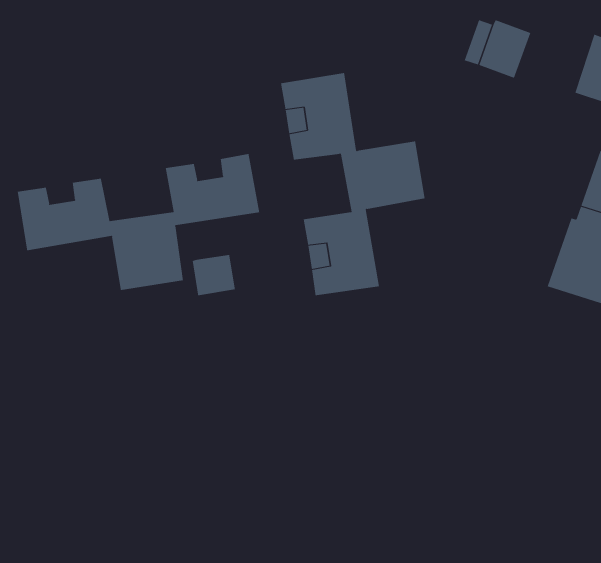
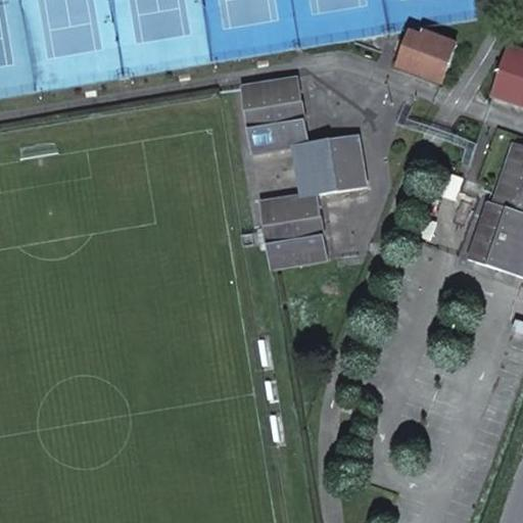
building: [17,153,260,291] -> none
building: [192,254,236,296] -> none

